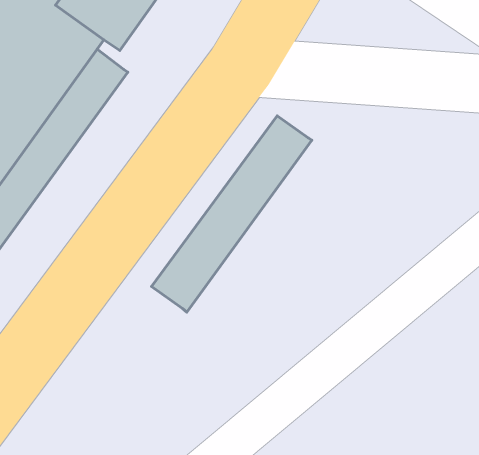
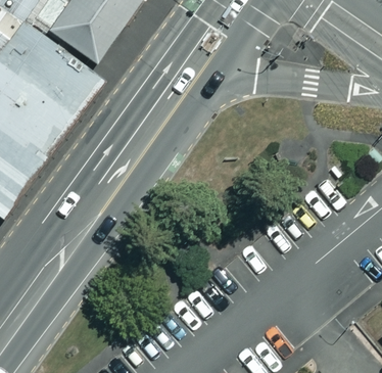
building: [151,116,312,312] -> none

